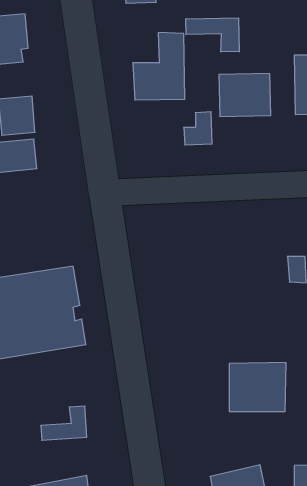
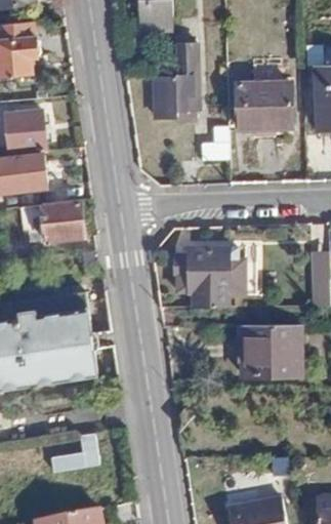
building: [186,18,239,52] -> none
building: none -> [32,201,85,244]
building: none -> [172,246,243,306]
building: [229,363,286,411] -> [241,323,300,374]

